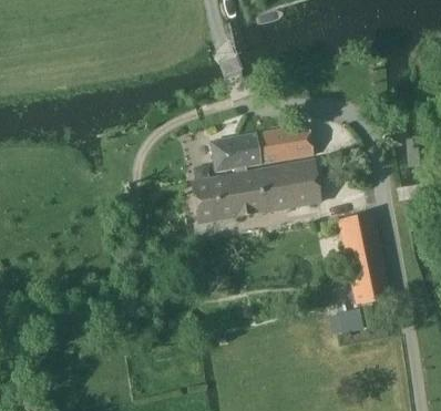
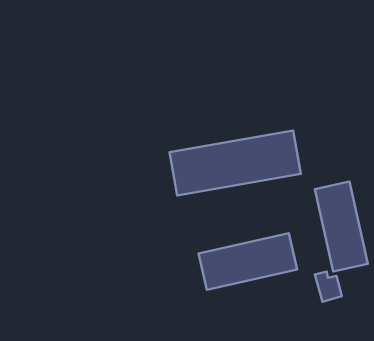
building: [208,124,314,173] -> none
building: none -> [198,233,297,290]

